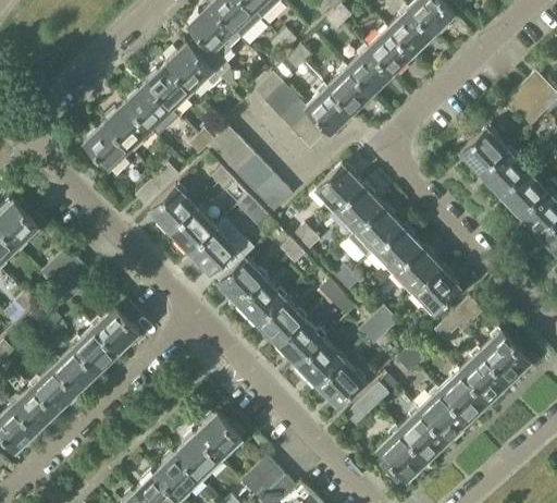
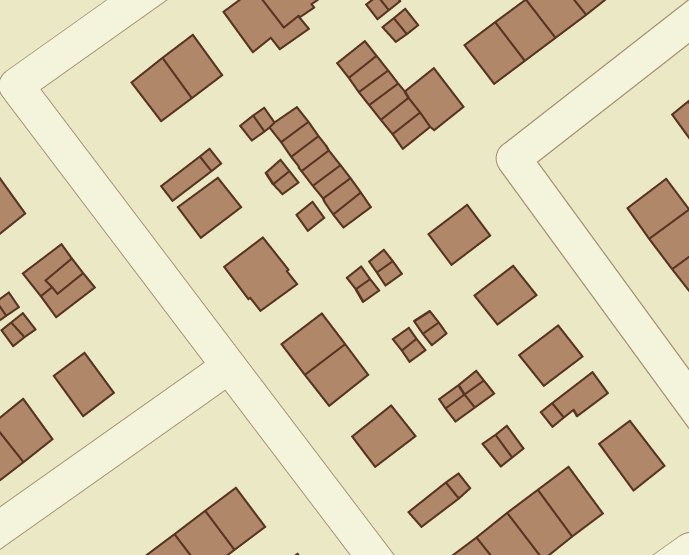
building: [146,63,191,110] -> none
building: [326,68,372,113] -> none
building: [84,123,129,169] -> none
building: [460,128,507,174] -> none
building: [317,164,362,210] -> none
building: [169,206,214,252] -> none
building: [348,206,401,259] -> none
building: [395,246,440,292] -> none
building: [218,257,264,304] -> none
building: [92,307,138,354] -> none
building: [277,319,323,366] -> none
building: [51,346,97,393] -> none
building: [459,351,509,402] -> none
building: [317,360,368,406] -> none

